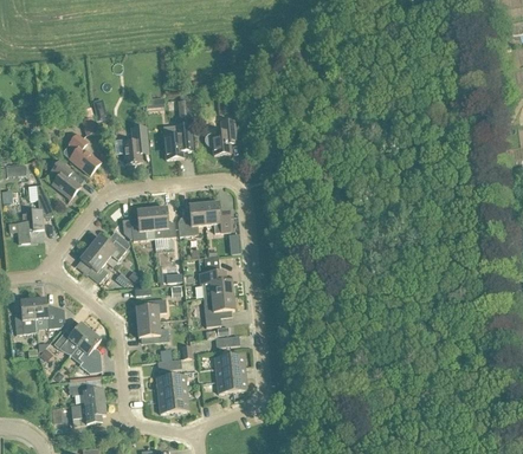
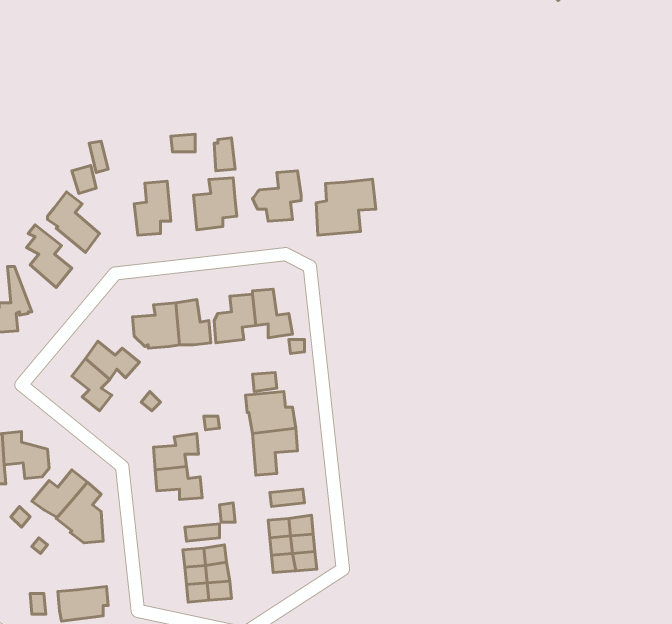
building: none -> [316,179,376,235]
building: [69,380,104,404] -> none

